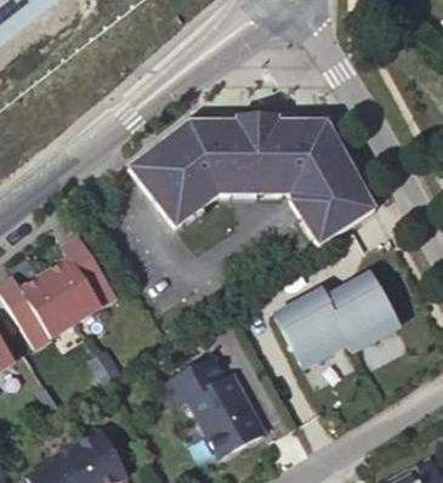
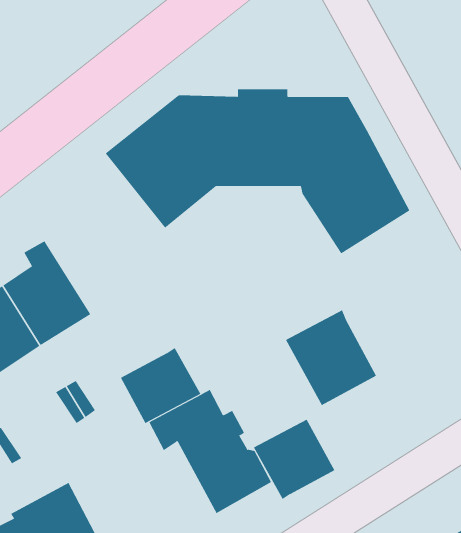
building: [324,275,398,353] -> none
building: none -> [120,347,201,424]
building: none -> [253,419,335,500]

